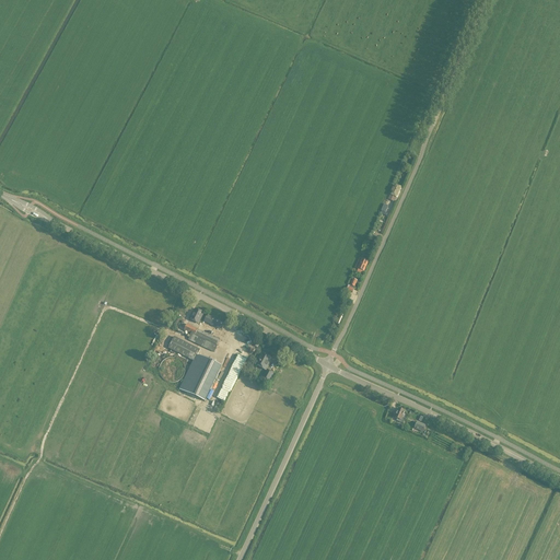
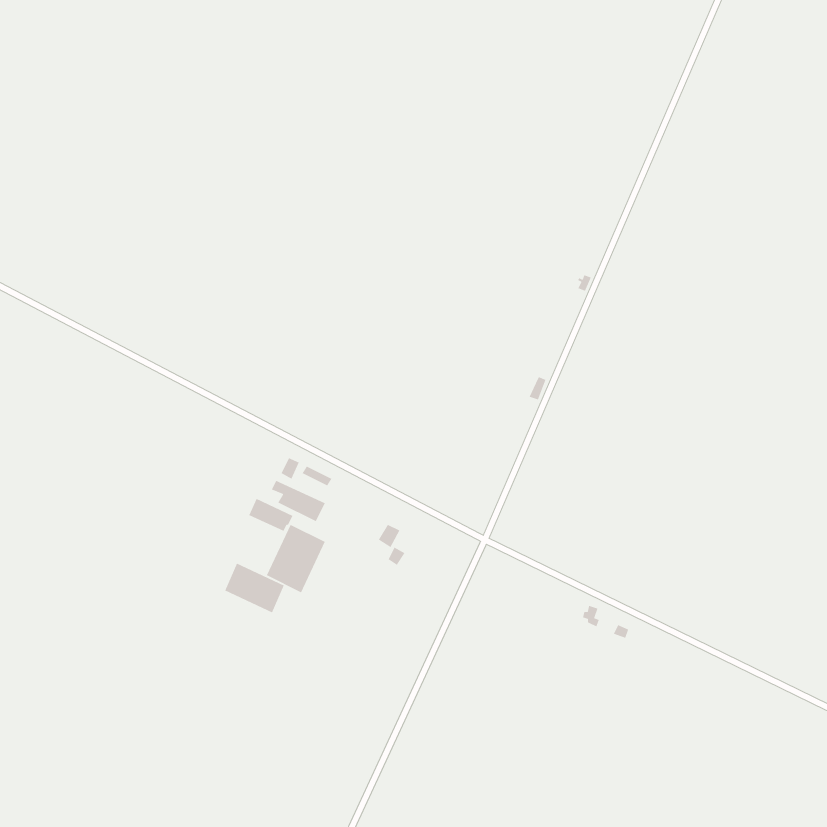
building: none -> [224,562,285,614]

